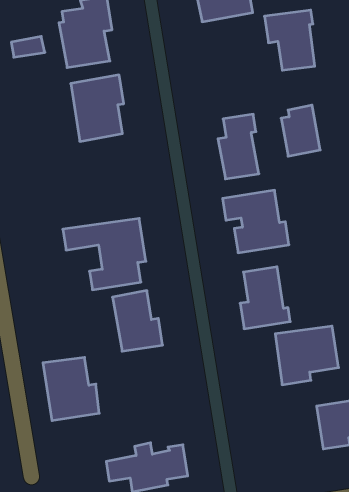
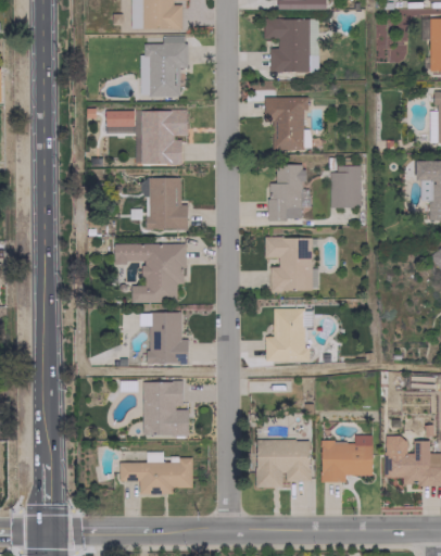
building: [264,10,315,70] -> [264,97,307,150]
building: [11,36,45,57] -> [105,111,135,126]
building: none -> [147,177,188,229]
building: [275,326,339,385] -> [255,440,310,488]
building: [43,357,99,421] -> [143,381,189,435]

